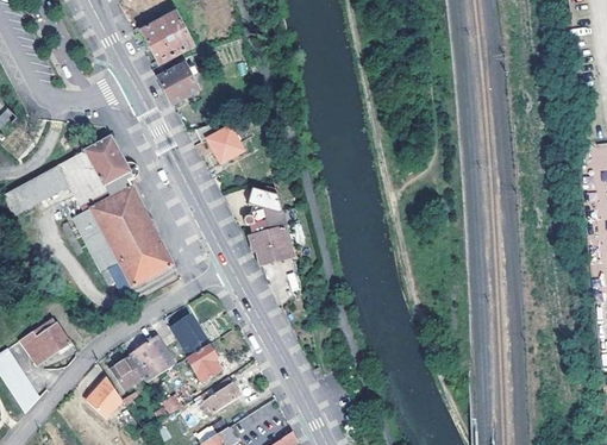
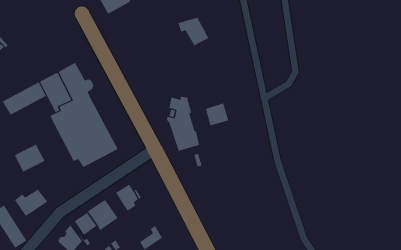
building: [155,61,200,104] -> none
building: [198,120,244,163] -> [178,17,209,46]
building: none -> [205,103,229,126]
building: none -> [14,144,45,173]
building: [188,345,221,383] -> none

